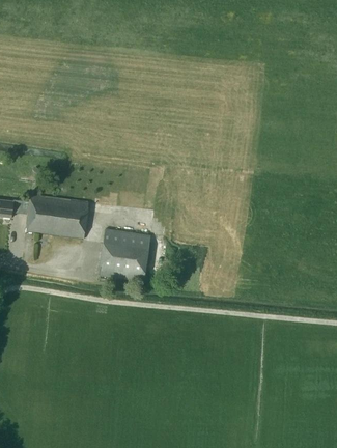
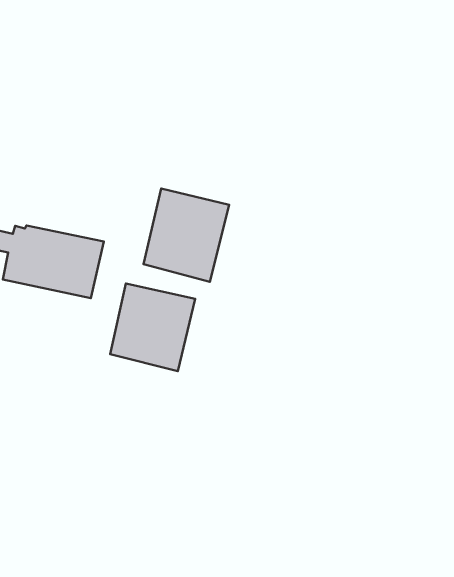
building: none -> [144,188,229,282]

